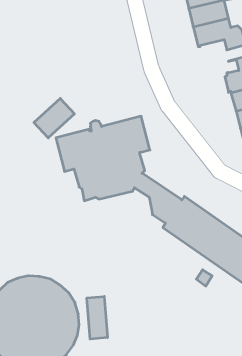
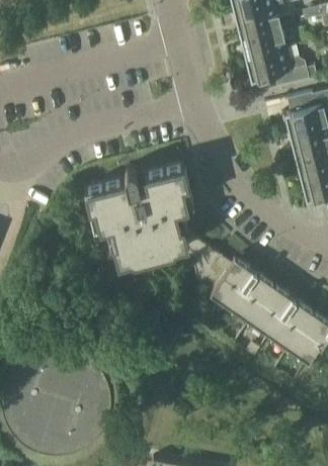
building: [34,98,74,138] -> none
building: [87,296,107,339] -> none

